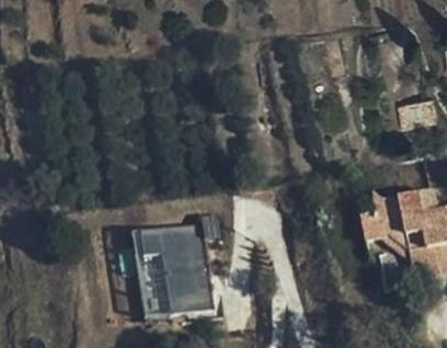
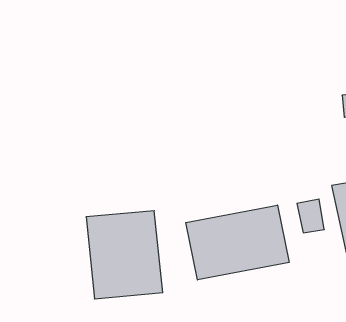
building: none -> [186,205,289,280]

